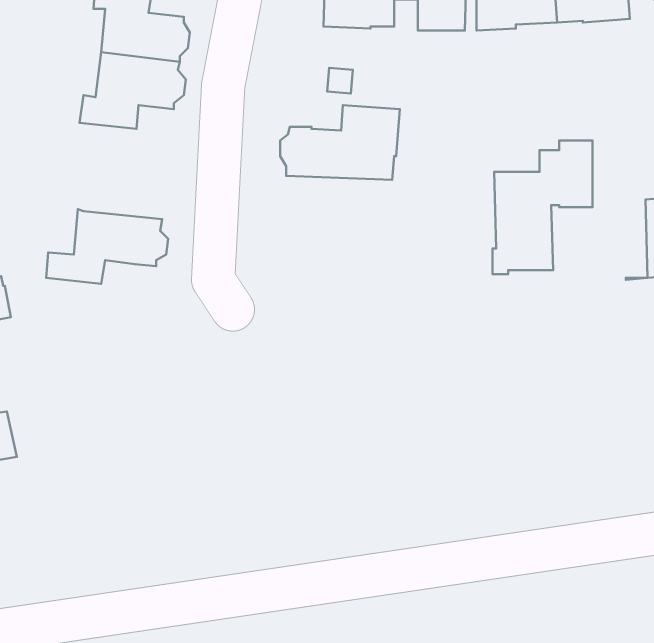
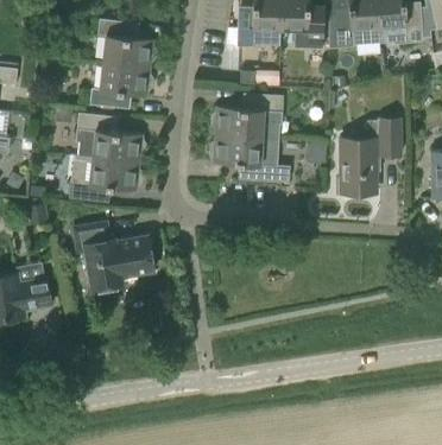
building: none -> [76,113,147,163]
building: none -> [209,136,290,183]
building: none -> [74,222,154,290]

